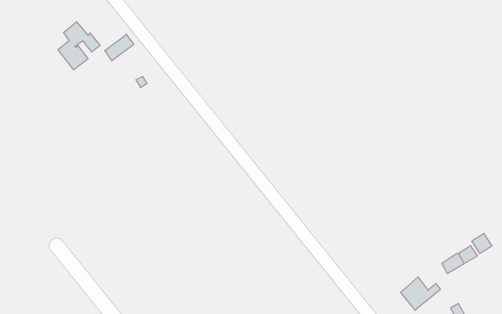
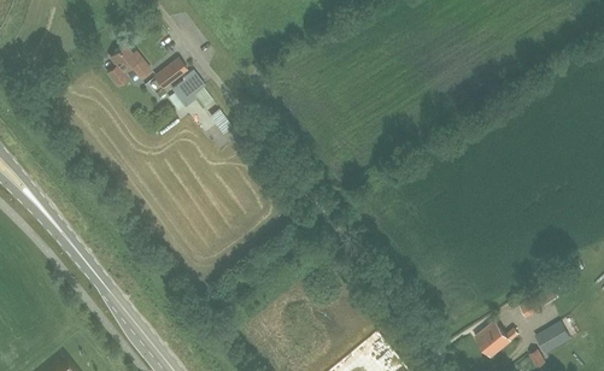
building: none -> [171,73,211,110]
building: none -> [535,325,569,355]

